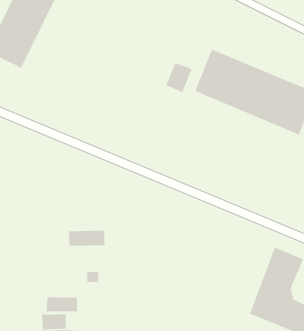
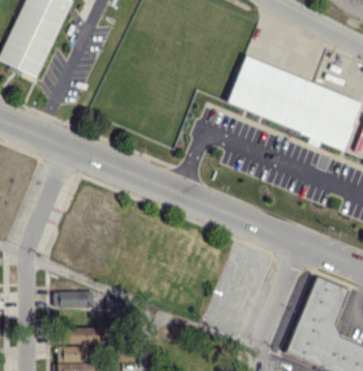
building: [165,62,193,93] -> none
building: [68,230,106,246] -> [54,291,95,309]

